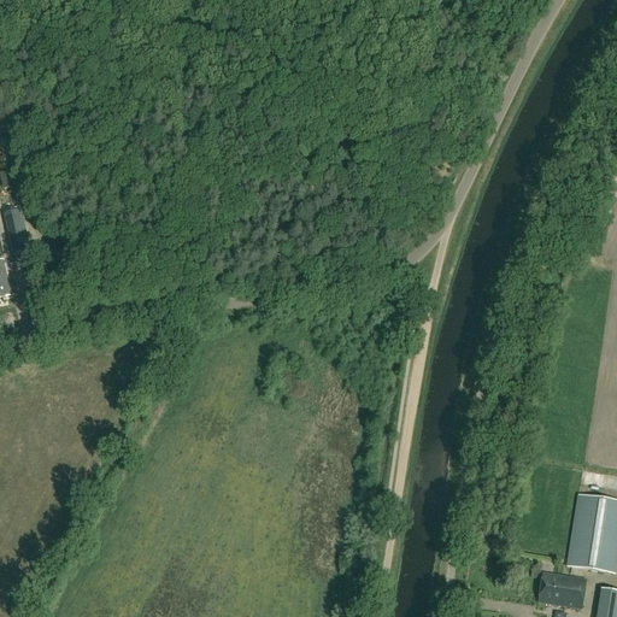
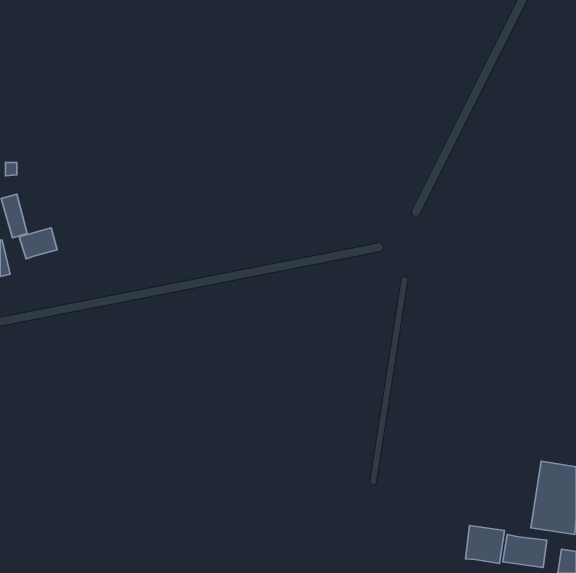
building: none -> [19,228,57,259]
building: none -> [465,526,504,563]

